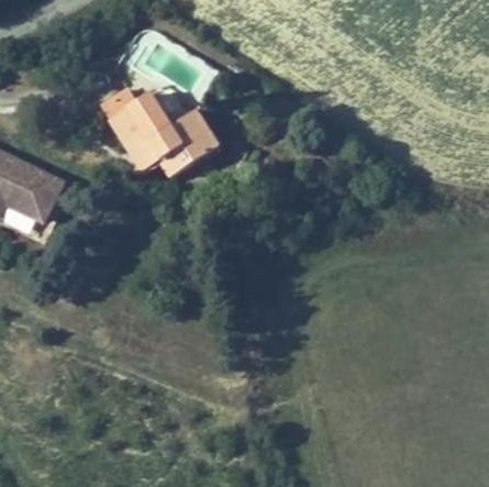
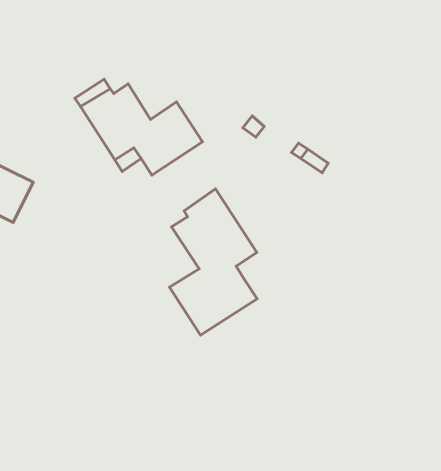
building: none -> [169,189,257,335]

